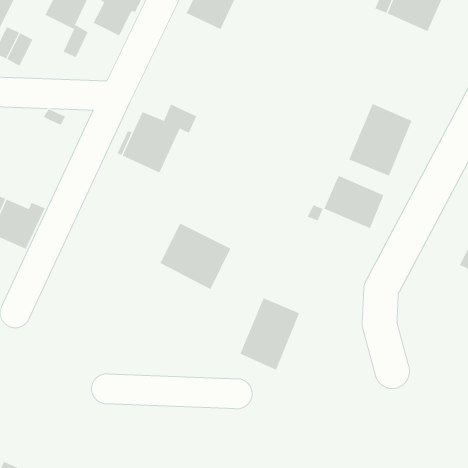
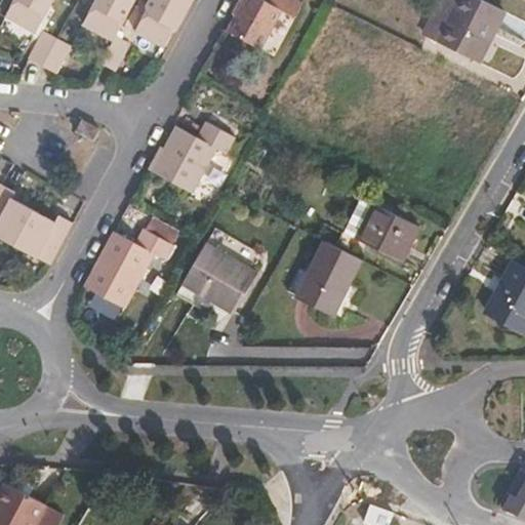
building: [349,103,412,176] -> none
building: none -> [83,229,172,308]
building: [240,298,300,370] -> [296,242,361,318]

